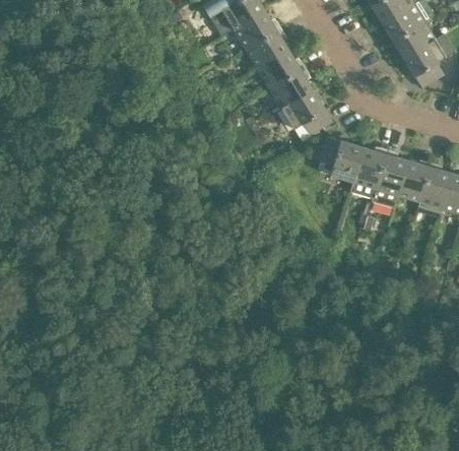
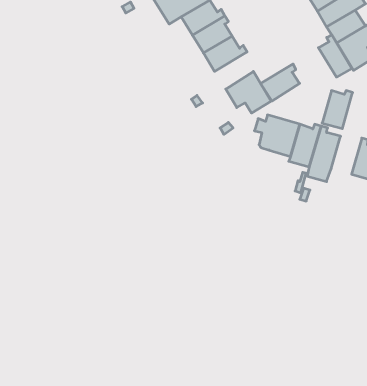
building: none -> [318,35,352,77]
building: [269,67,312,108] -> [261,64,300,101]
building: [397,159,431,201] -> [322,91,353,129]

